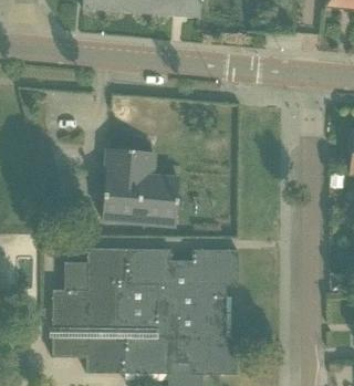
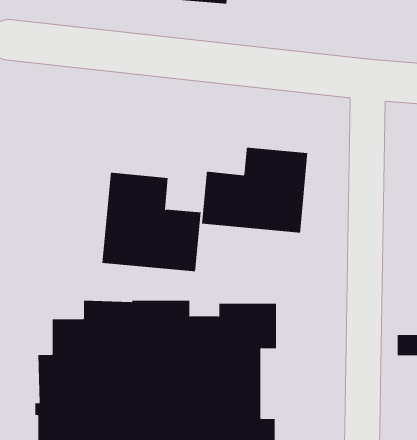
building: none -> [201,147,308,234]

